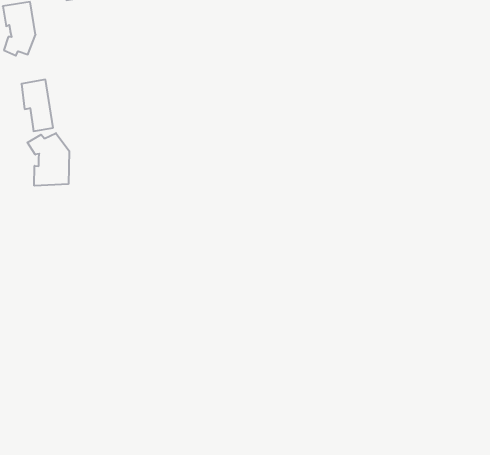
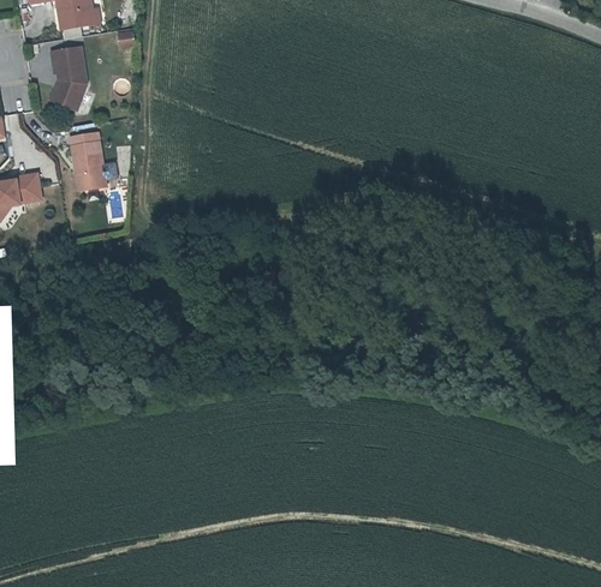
building: [27,133,69,186] -> none

